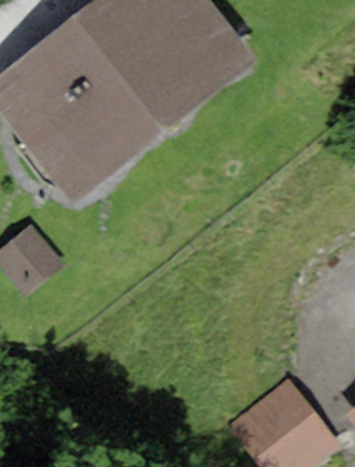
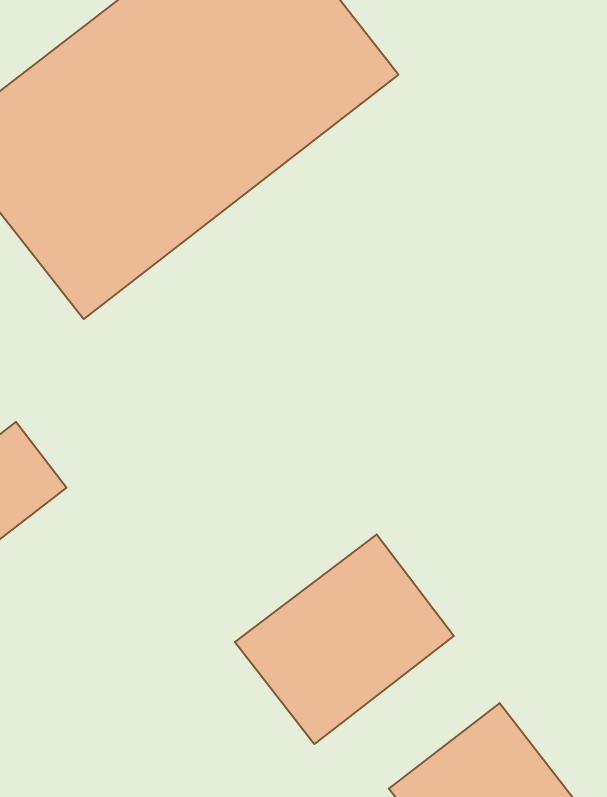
building: none -> [235,534,454,744]

